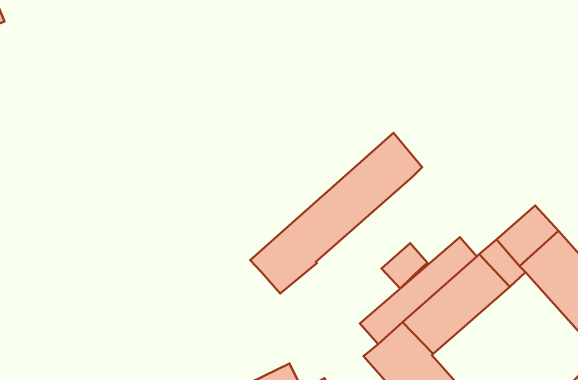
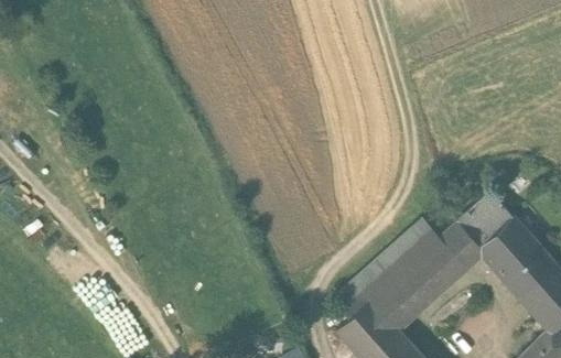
building: [250,133,422,294] -> none
building: [382,243,428,289] -> none

